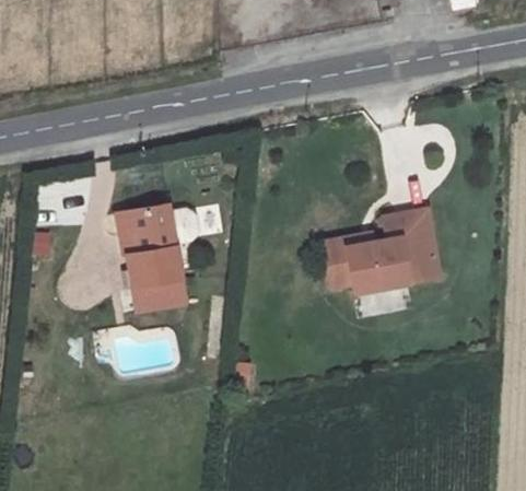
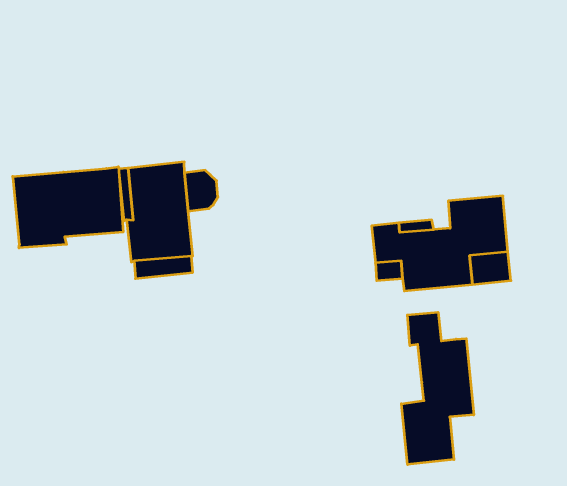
building: none -> [13,167,123,248]
building: none -> [401,312,474,465]

